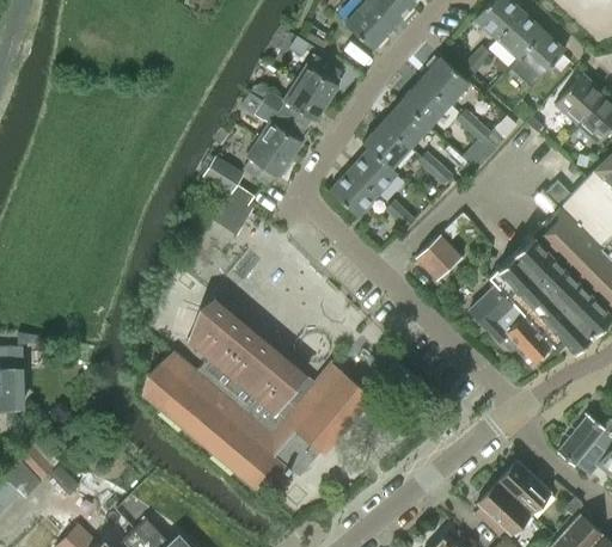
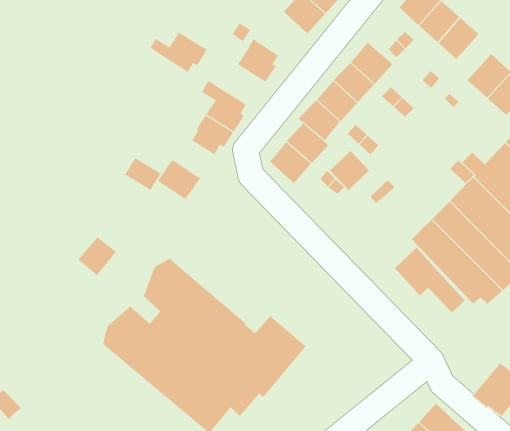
building: [262,82,326,128] -> [150,32,207,72]
building: [202,156,244,193] -> [124,157,161,191]
building: [416,235,461,281] -> [329,150,370,191]
building: none -> [78,236,117,276]

